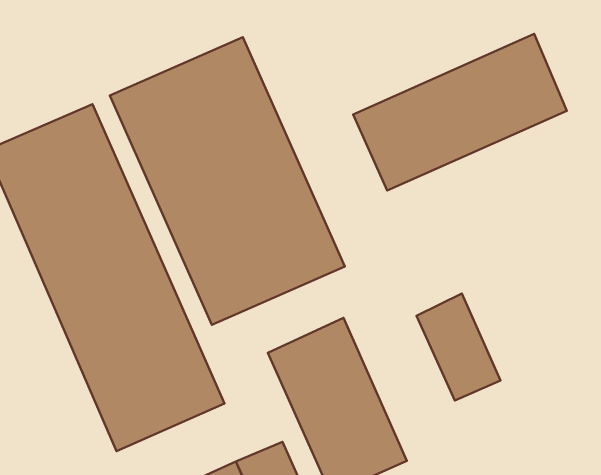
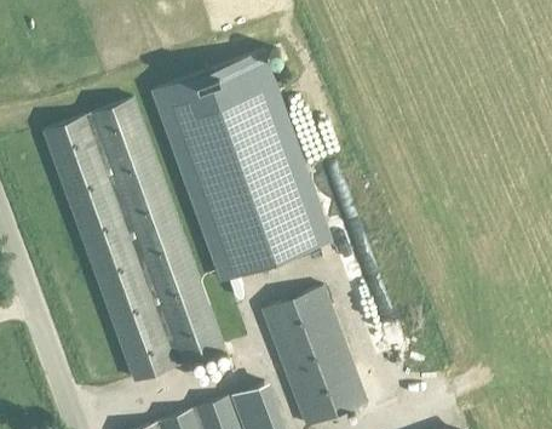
building: [353,34,567,190] -> none
building: [416,294,500,401] -> none

